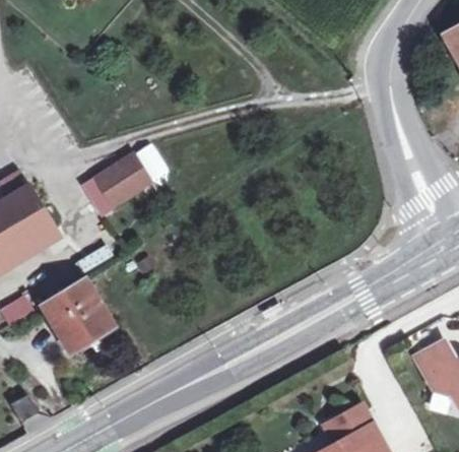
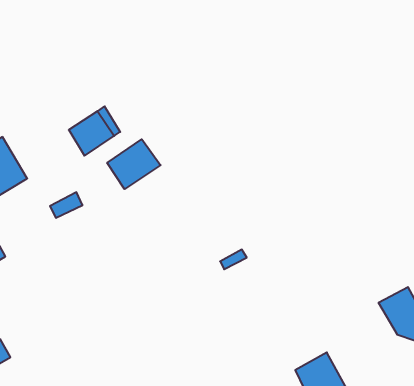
building: none -> [107,139,161,189]
building: [41,280,111,352] -> none

